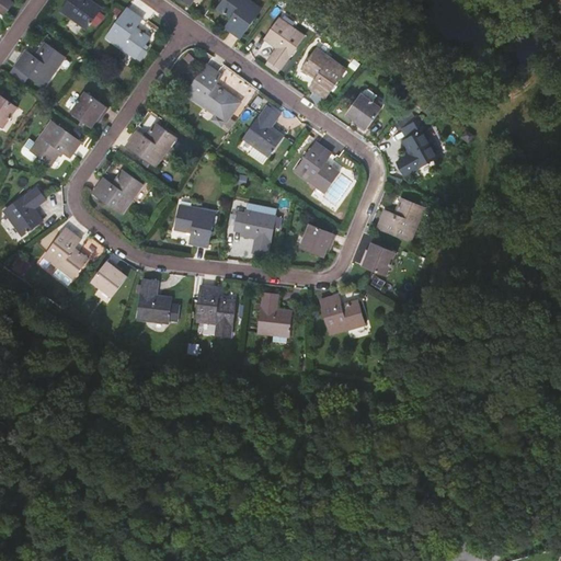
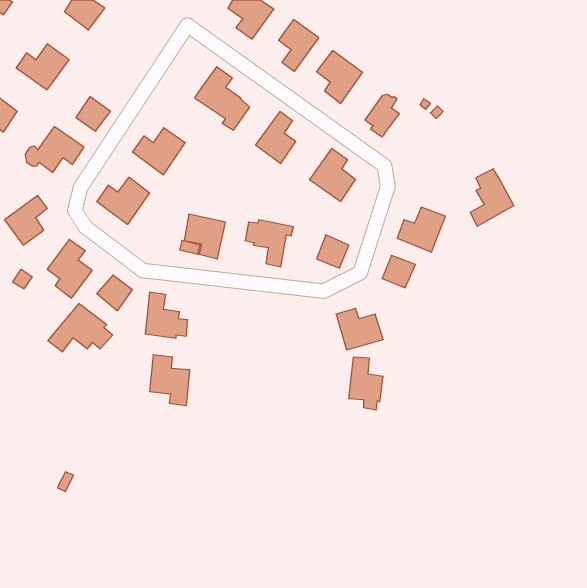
building: [106,8,150,57] -> none
building: [398,119,439,174] -> [470,169,514,226]
building: [197,285,236,333] -> [150,355,190,405]
building: none -> [48,303,113,352]
building: [259,293,291,343] -> [349,357,383,410]

